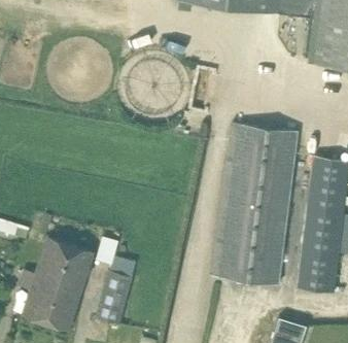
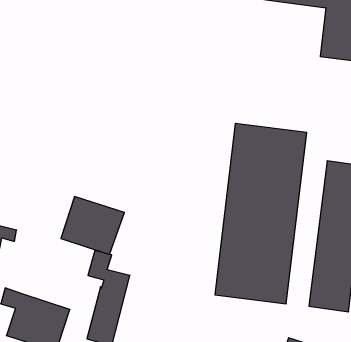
building: [36,239,94,291] -> [61,197,124,254]

